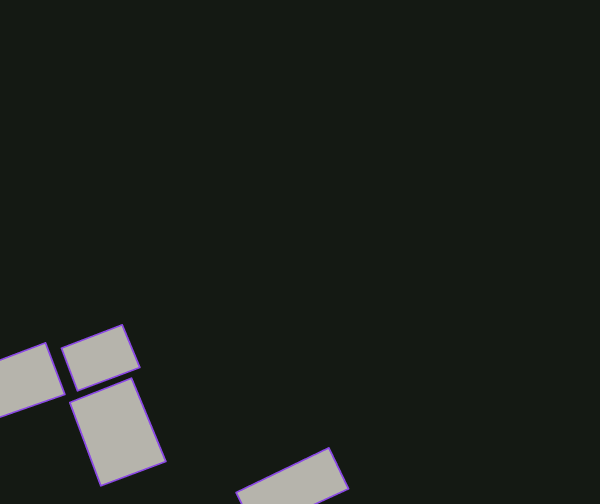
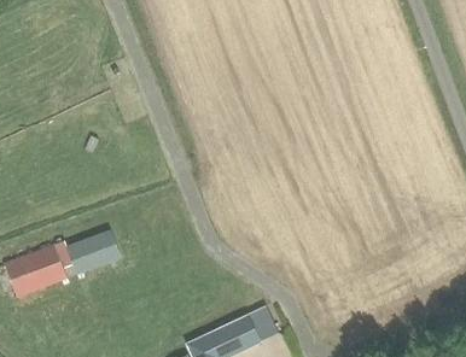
building: [70,378,166,486] -> none

